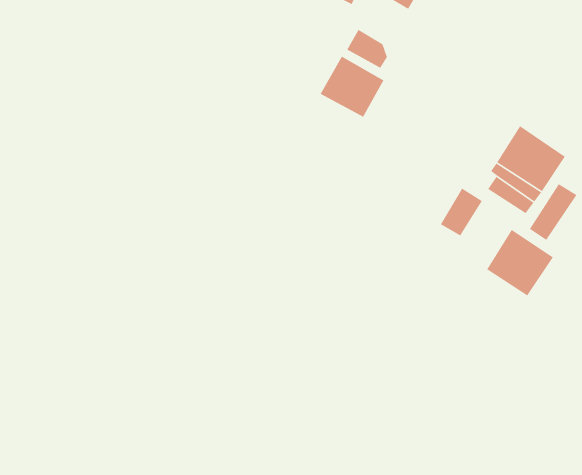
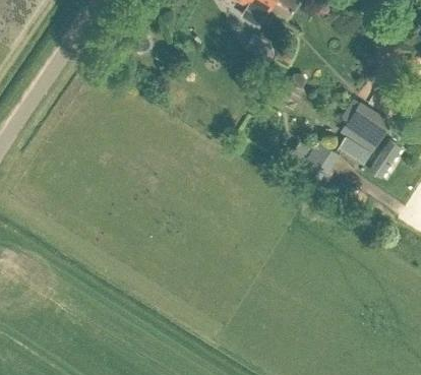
building: [319,56,384,118] -> none
building: [486,229,554,296] -> none

